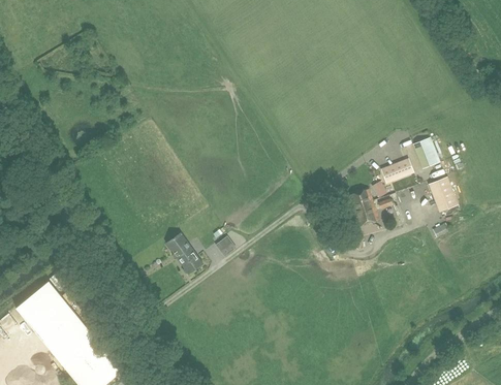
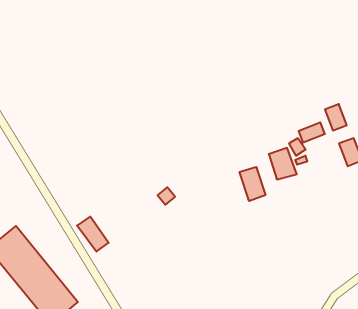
building: none -> [240,167,265,201]
building: [166,233,203,275] -> [77,217,109,252]

